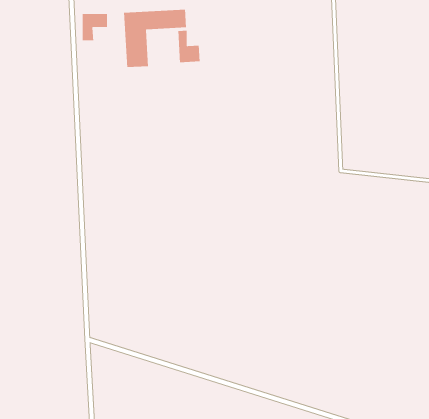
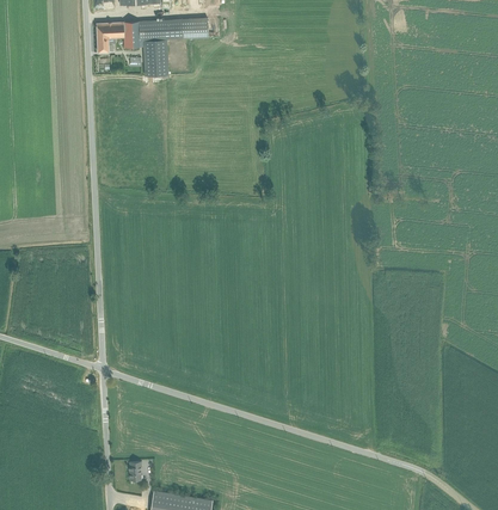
building: [178,30,200,63] -> none

